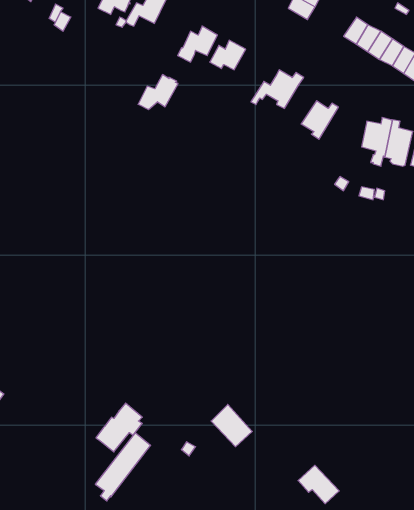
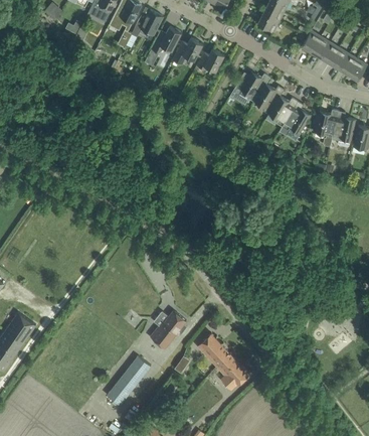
building: [138,75,178,109] -> [150,26,181,53]
building: none -> [254,84,284,114]
building: none -> [279,101,310,135]
building: [96,403,142,452] -> [150,310,186,348]
building: [298,465,339,504] -> [216,354,248,385]

